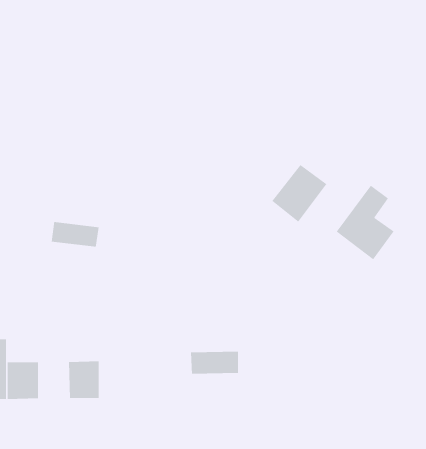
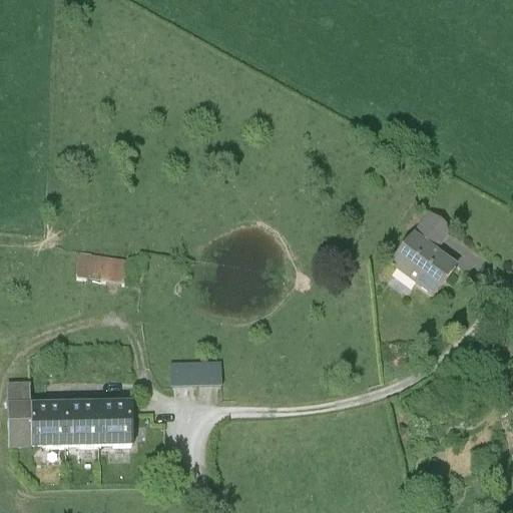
building: [272,164,327,223] -> none
building: [190,351,239,374] -> [168,358,221,383]
building: none -> [66,404,99,444]

